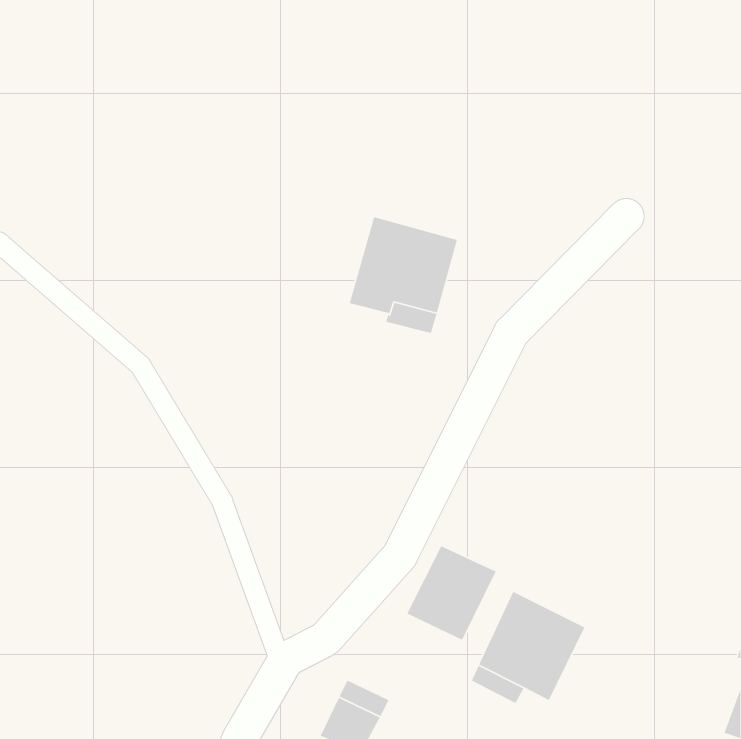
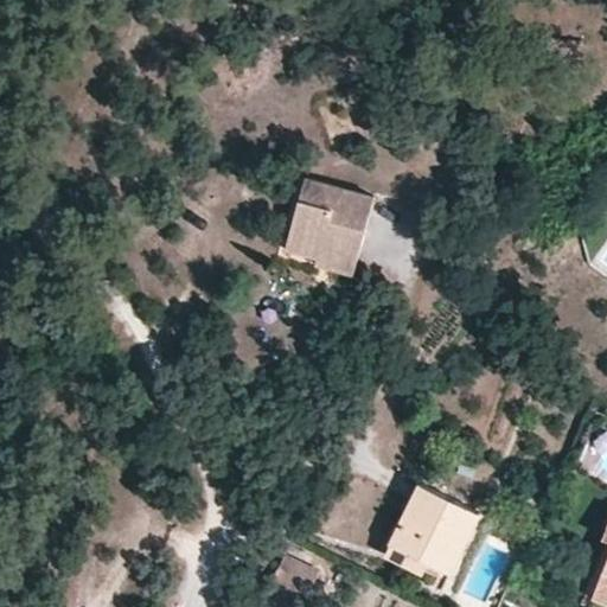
building: [406,545,497,641] -> none

